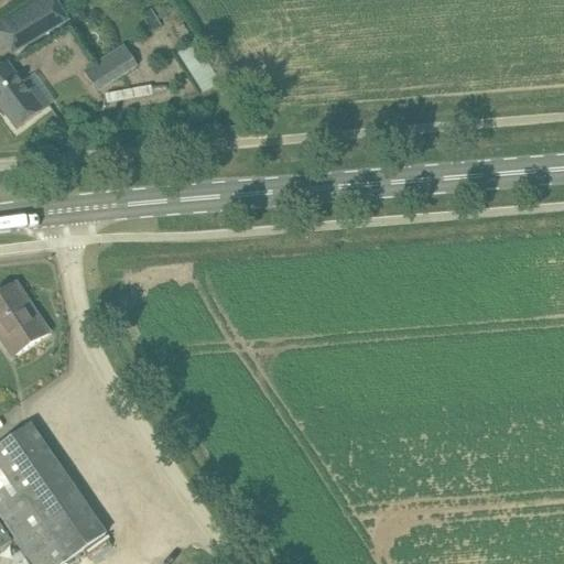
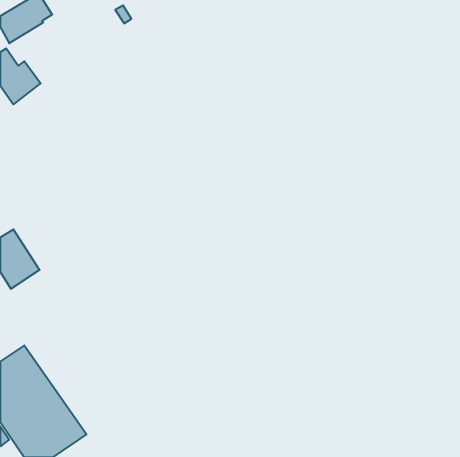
building: [84,44,137,89] -> none

